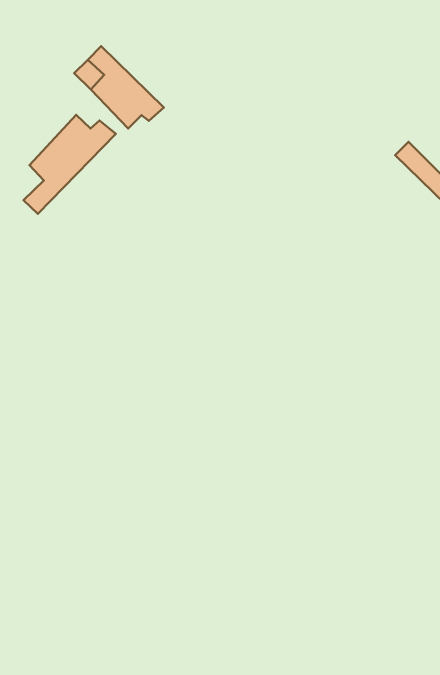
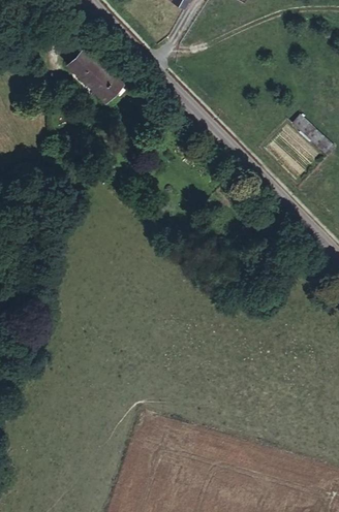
building: [23,115,116,214] -> none

